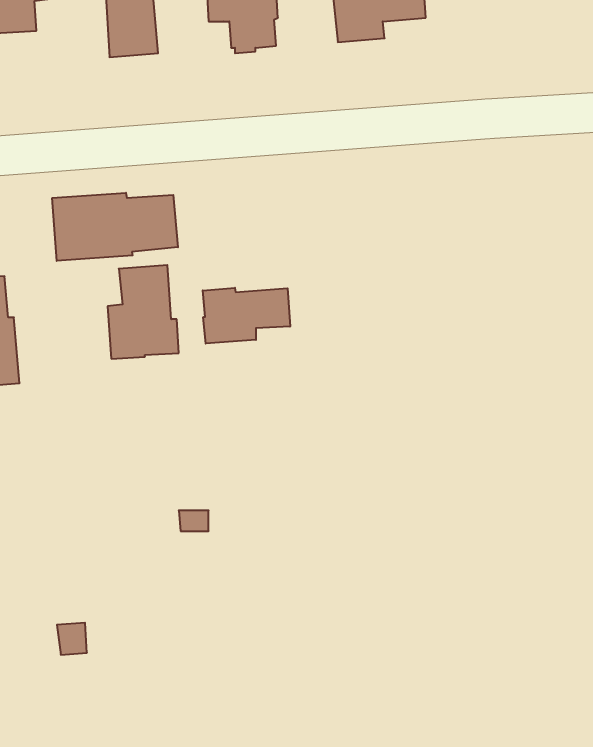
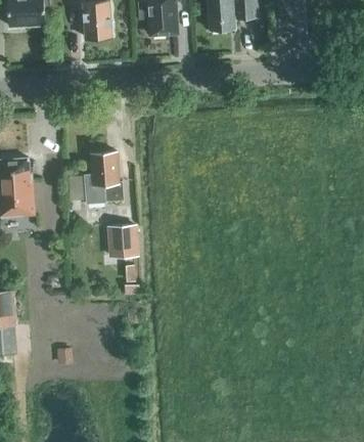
building: [52,193,178,261] -> none
building: [203,288,290,344] -> none
building: none -> [105,225,133,253]

